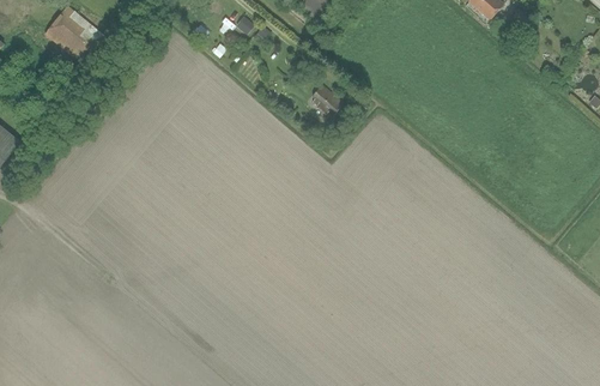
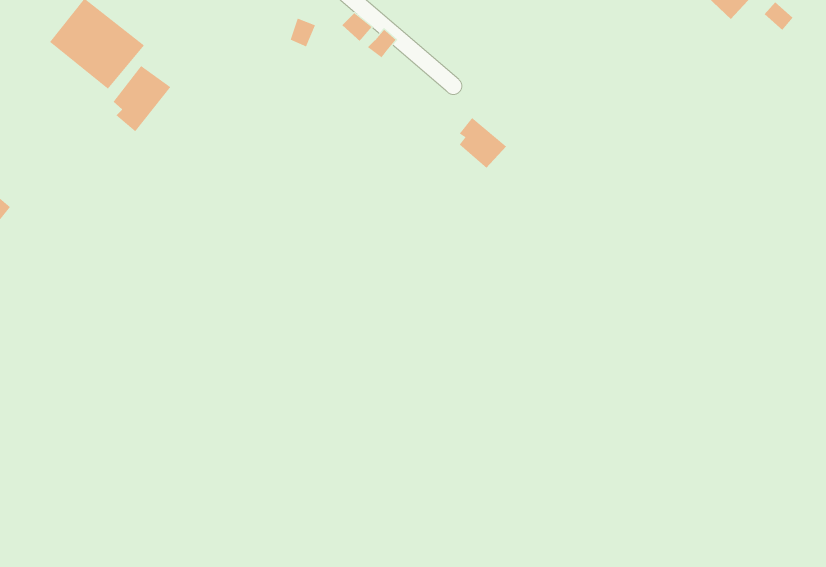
building: none -> [113,65,171,132]

